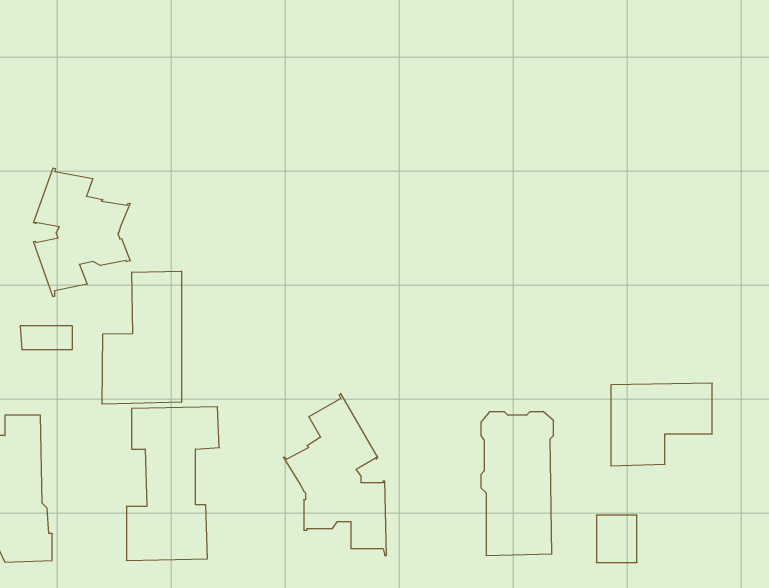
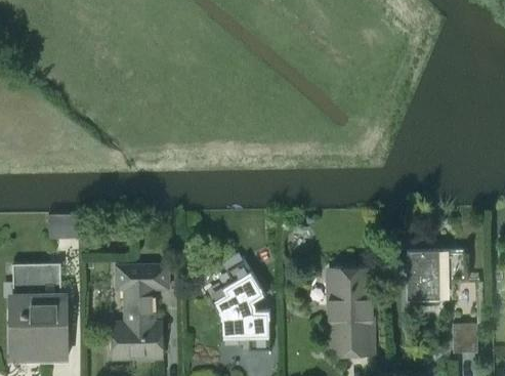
building: [33,168,130,297] -> none
building: [102,271,181,404] -> none
building: [596,515,637,563] -> [452,324,476,352]

